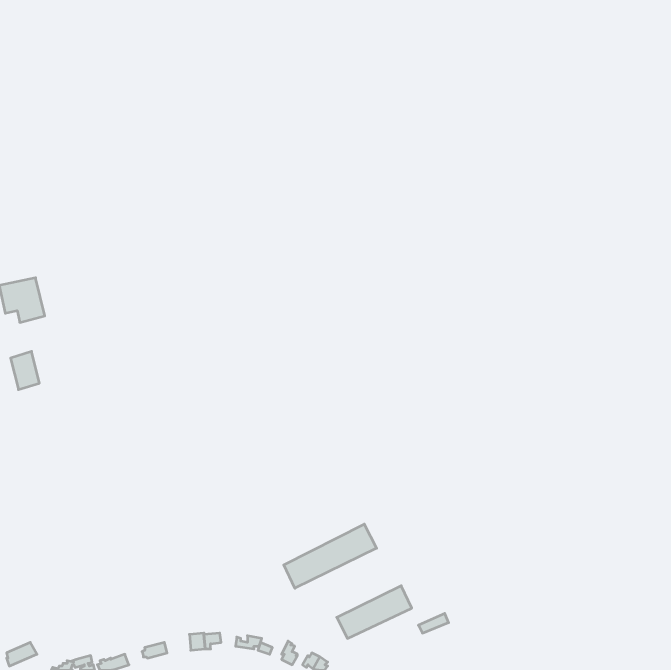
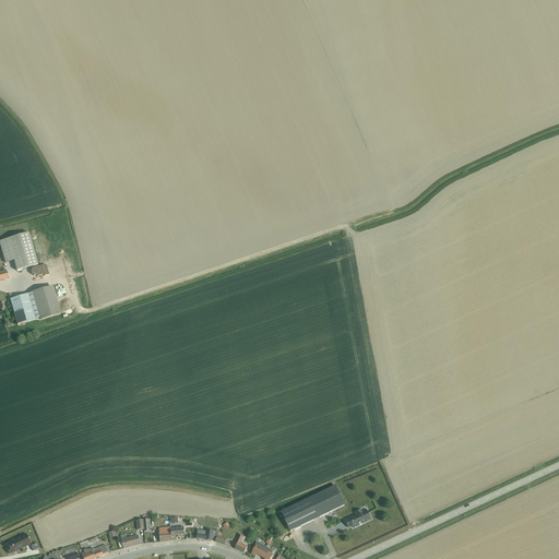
building: none -> [32,287,57,319]
building: [284,524,377,588] -> none

